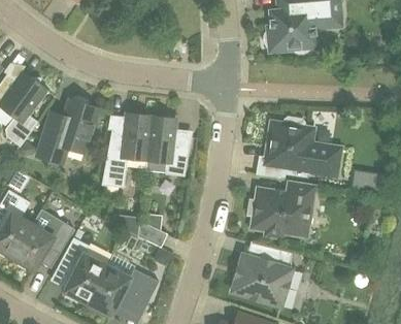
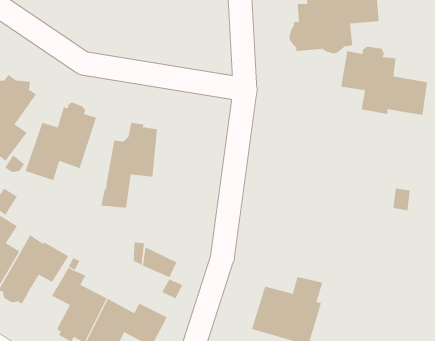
building: [145,117,192,175] -> none
building: [266,117,341,176] -> [340,46,428,116]
building: [247,180,315,237] -> none

